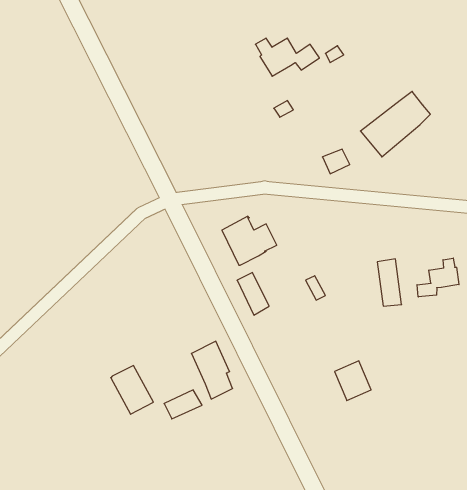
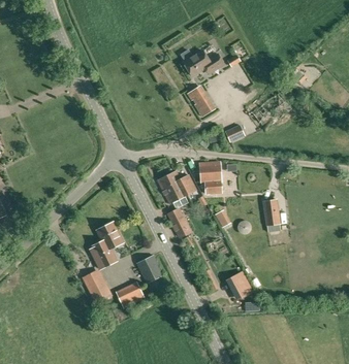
building: none -> [199,161,222,193]
building: [417,258,459,297] -> none
building: none -> [91,222,123,268]

